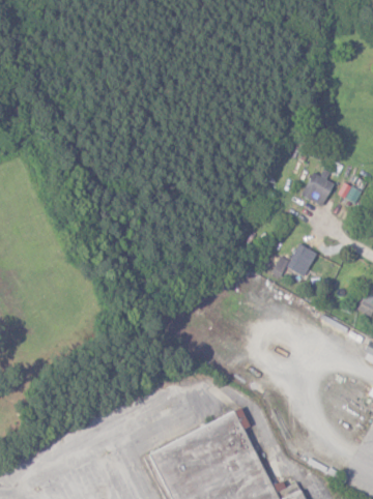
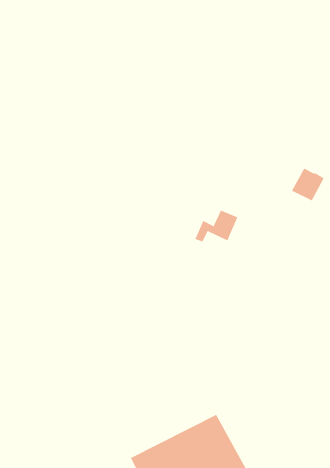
building: [274,243,317,275] -> [194,210,238,242]

